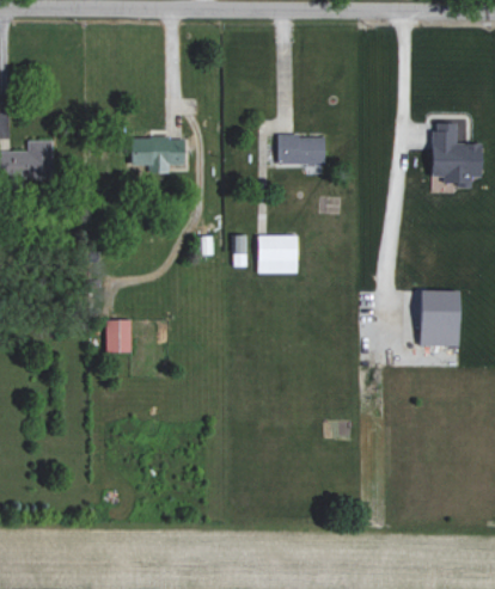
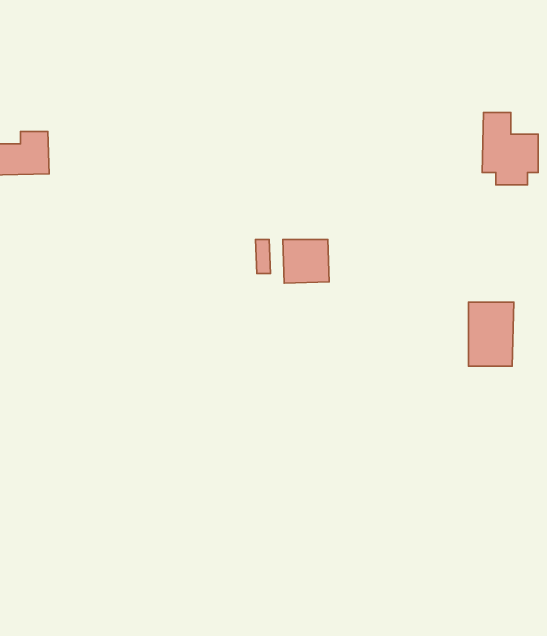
building: [277,135,326,165] -> none
building: [132,137,185,173] -> none
building: [106,320,133,352] -> none

